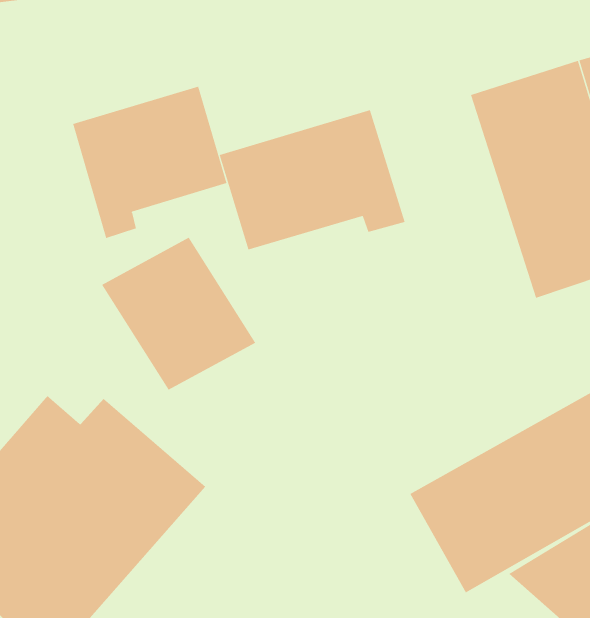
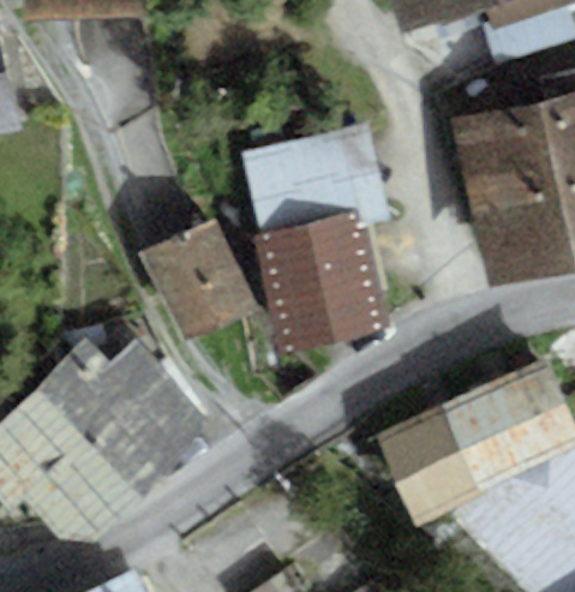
building: [73,86,227,239] -> none
building: none -> [254,210,383,354]

